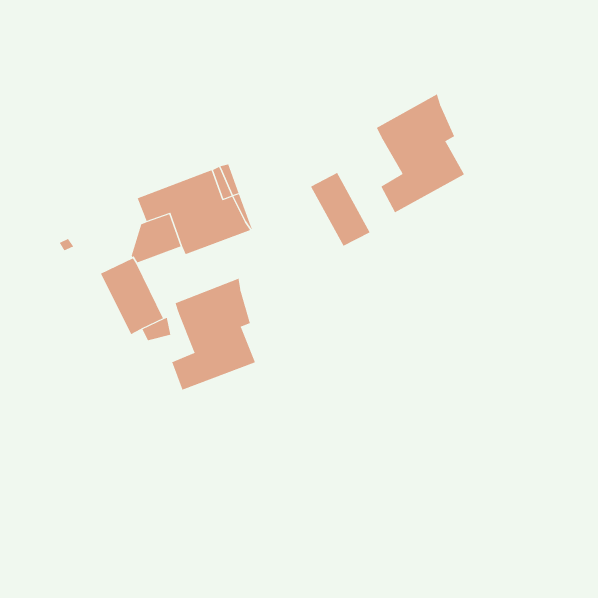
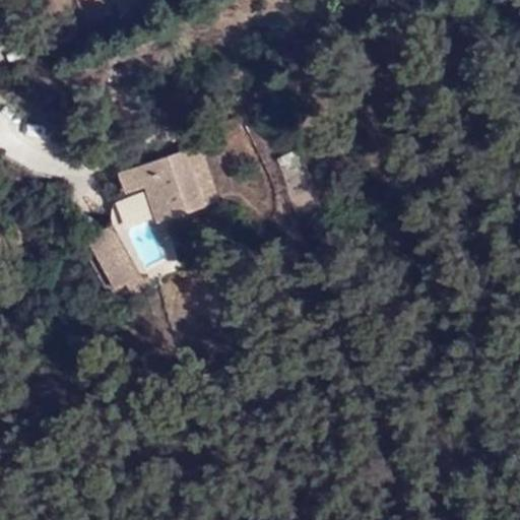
building: [376,94,465,213] -> none
building: [172,278,255,391] -> none

